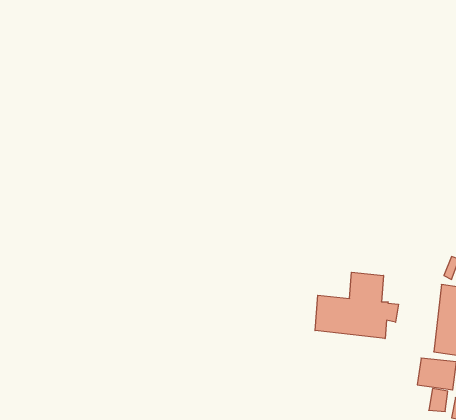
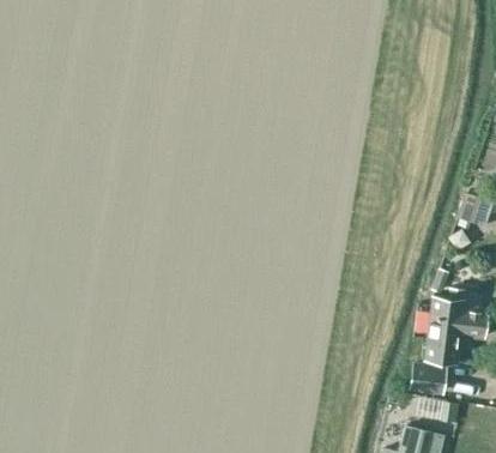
building: [315,272,398,339] -> none

